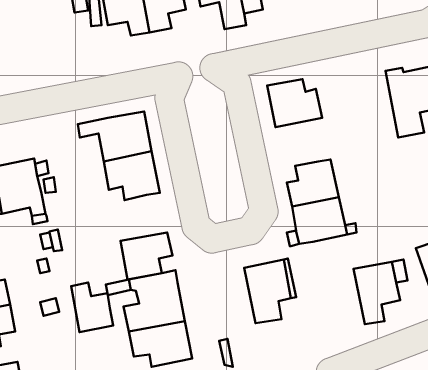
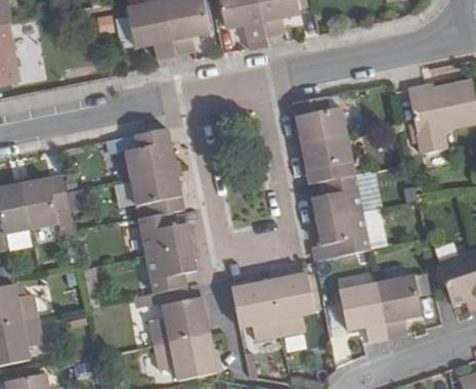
building: none -> [299,135,351,184]
building: none -> [138,211,192,256]
building: none -> [230,283,279,342]
building: none -> [338,284,387,342]
building: [71,282,113,332] -> none

